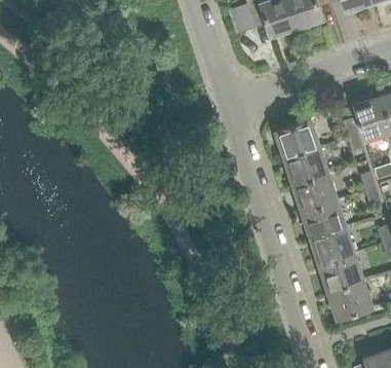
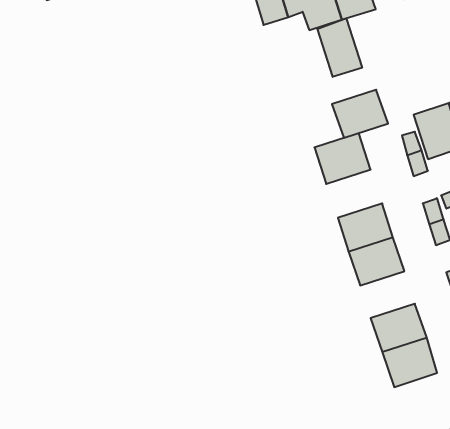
building: none -> [318,18,362,77]
building: [284,149,328,187] -> [332,90,388,138]
building: [311,229,354,266] -> none

